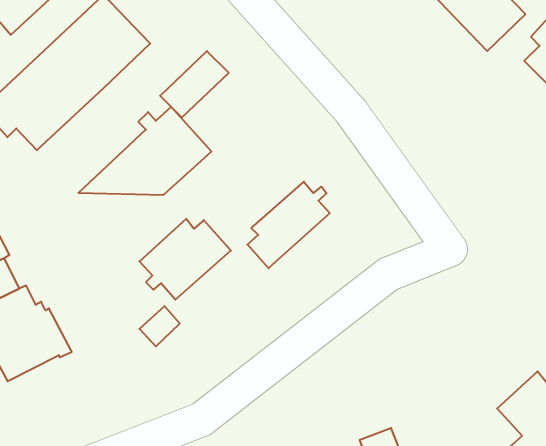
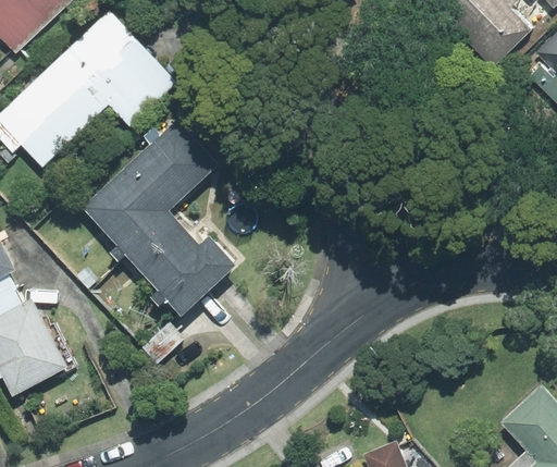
building: [160,51,229,117] -> [109,59,177,125]
building: [247,182,330,268] -> none
building: none -> [84,208,191,276]

